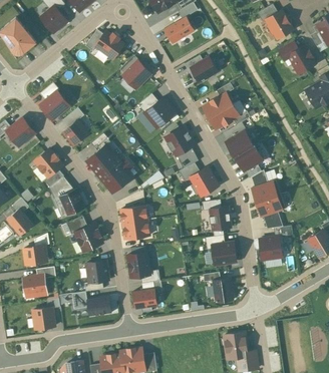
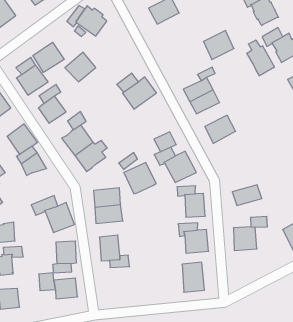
building: [189,53,219,82] -> [203,30,234,60]
building: none -> [247,40,274,76]
building: [121,59,151,88] -> [65,52,96,82]
building: none -> [33,42,64,72]
building: [162,125,195,156] -> [124,163,156,194]
building: [235,143,265,170] -> none
building: [252,180,280,203] -> none
building: [59,188,85,215] -> none
building: [133,290,156,310] -> none

